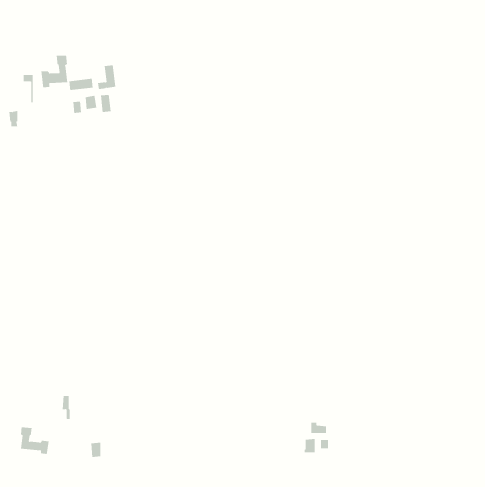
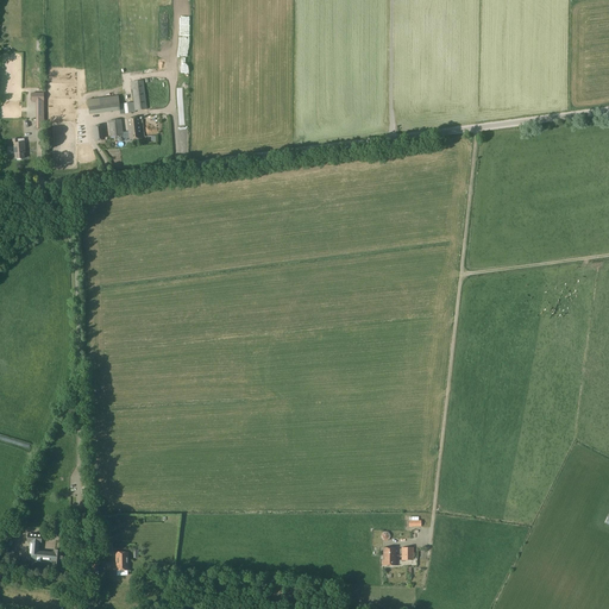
building: [41,55,68,88] -> none

